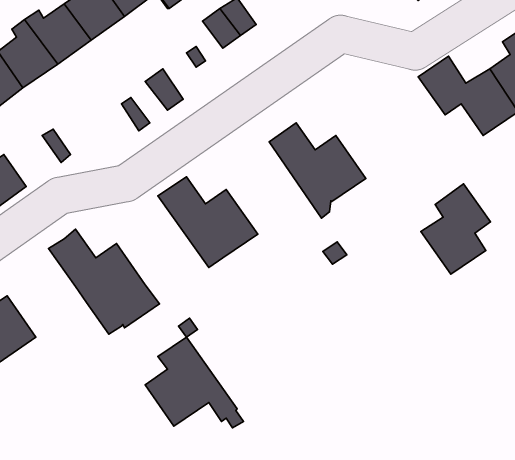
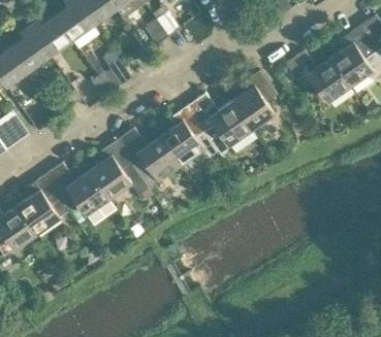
building: none -> [160,105,222,165]
building: [421,184,491,274] -> [231,70,277,129]
building: none -> [18,174,69,232]
building: [145,337,244,428] -> [89,140,153,199]

